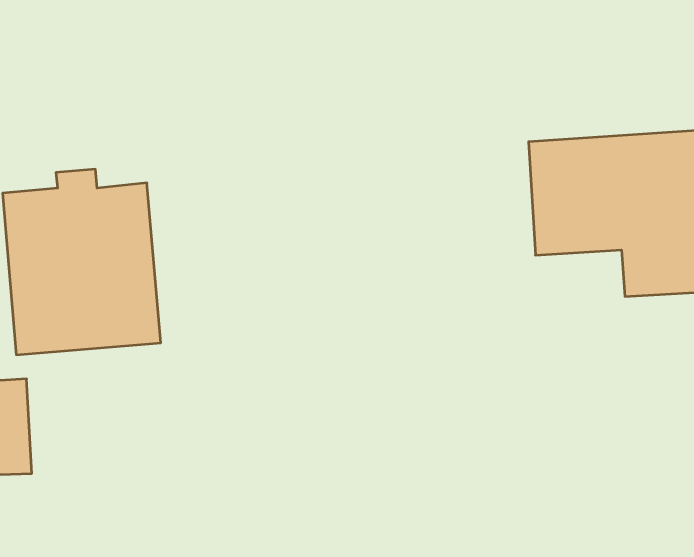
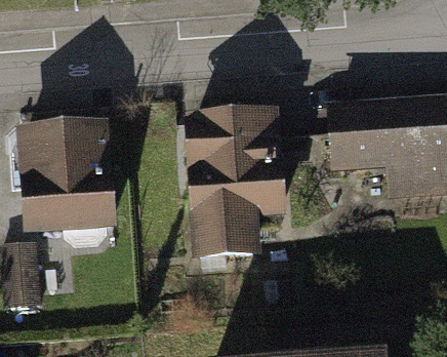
building: none -> [189,112,281,251]

